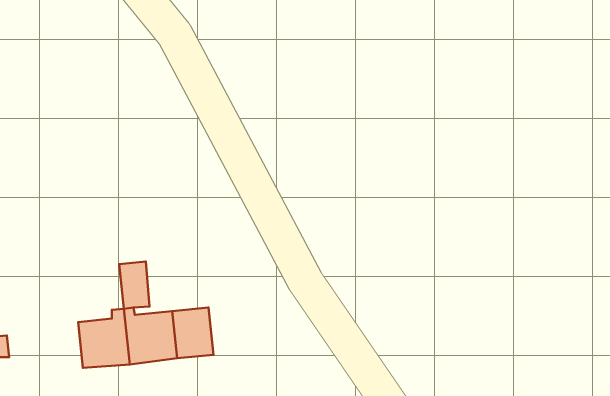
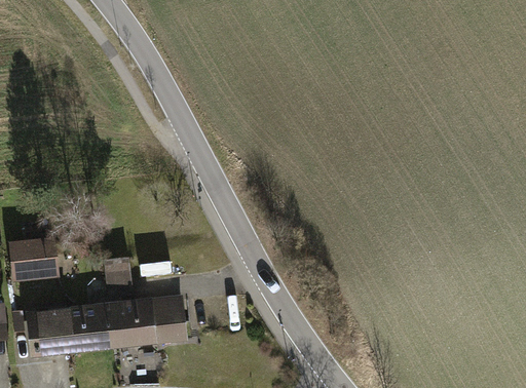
building: none -> [12,242,55,278]
building: none -> [30,311,73,354]

